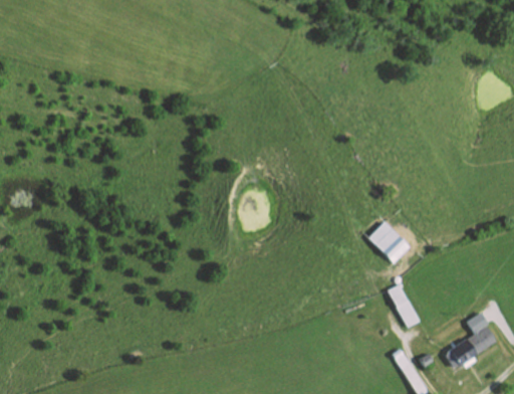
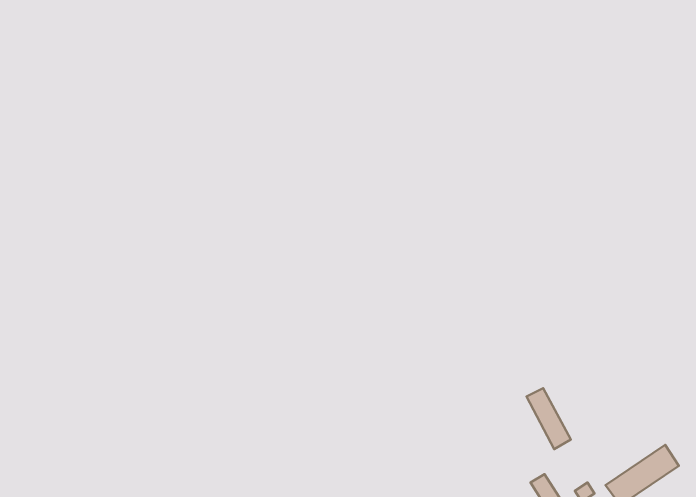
building: [367,221,410,262] -> none

